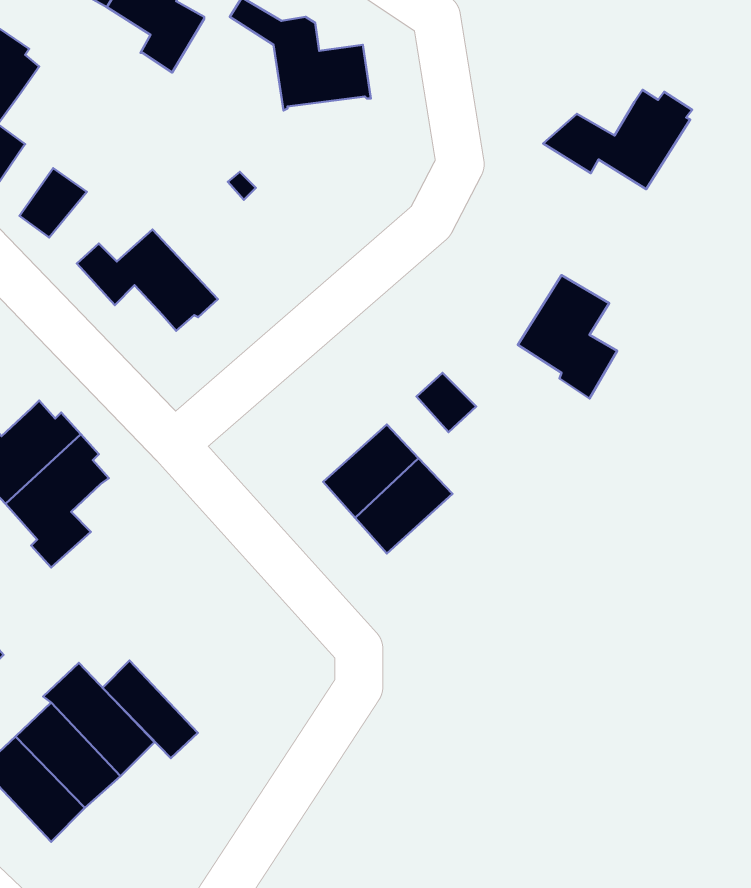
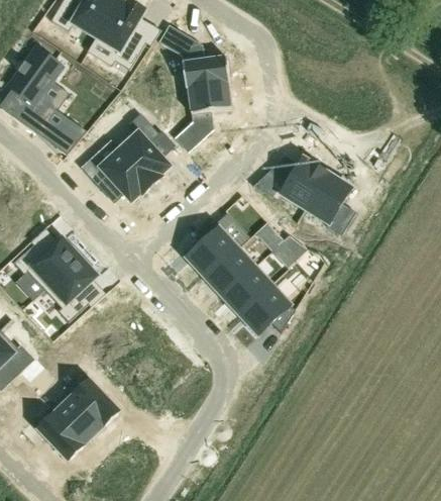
building: [543,90,692,189] -> [252,157,328,207]
building: none -> [175,81,231,145]
building: none -> [119,111,170,184]
building: none -> [187,220,238,277]
building: none -> [269,233,308,269]
building: none -> [238,283,295,333]
building: [103,660,198,758] -> none

